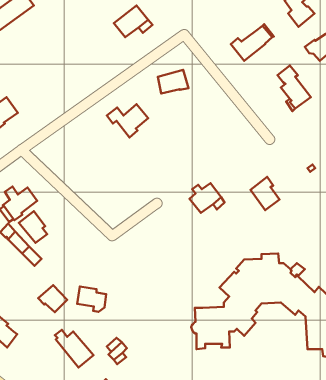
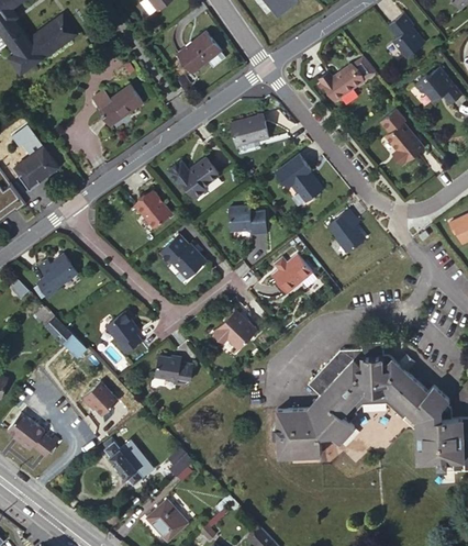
building: none -> [93,86,141,125]
building: none -> [276,155,323,202]
building: none -> [136,189,172,225]
building: none -> [230,205,265,234]
building: none -> [160,234,207,277]
building: [250,177,279,210] -> [326,211,363,253]
building: [19,211,47,243] -> [105,312,141,352]
building: none -> [214,313,257,352]
building: [77,286,106,312] -> [155,356,191,388]

